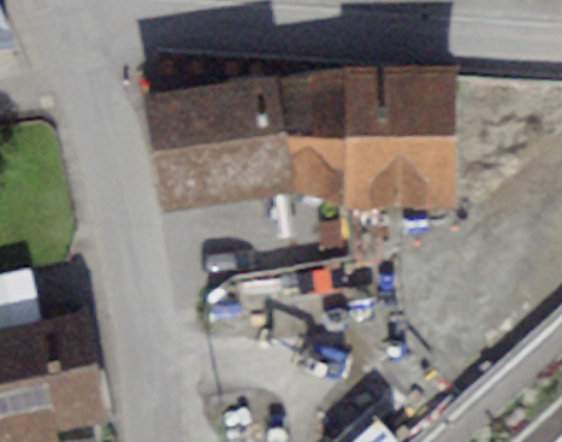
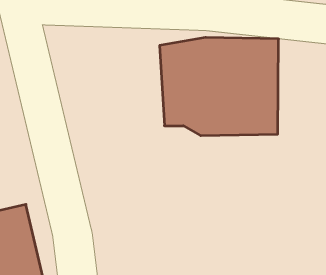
building: [144,76,286,205] -> none

